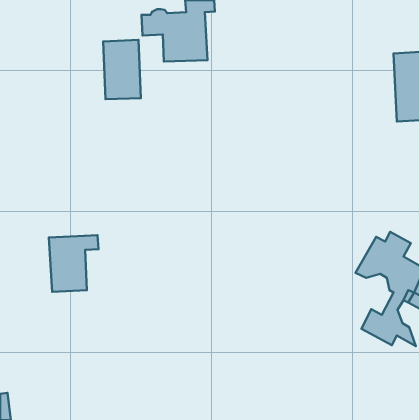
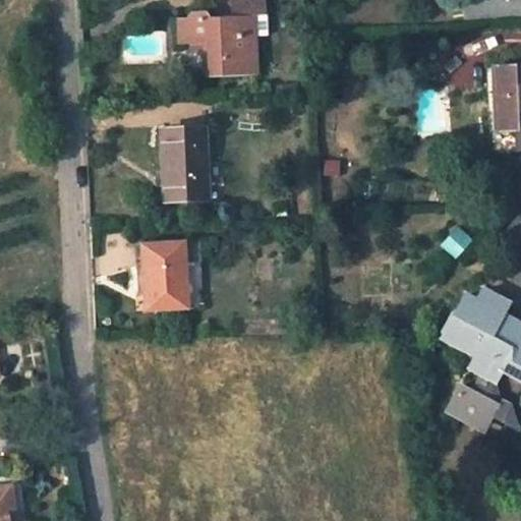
building: [103,40,141,99] -> [162,127,209,200]
building: [49,235,98,292] -> [142,240,204,310]

